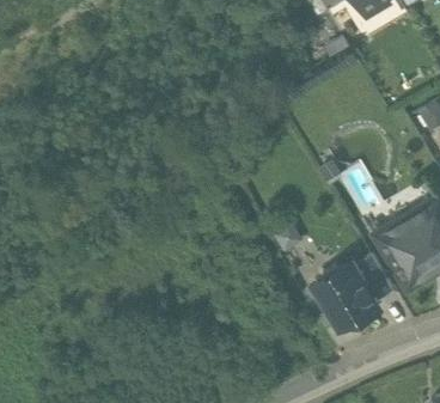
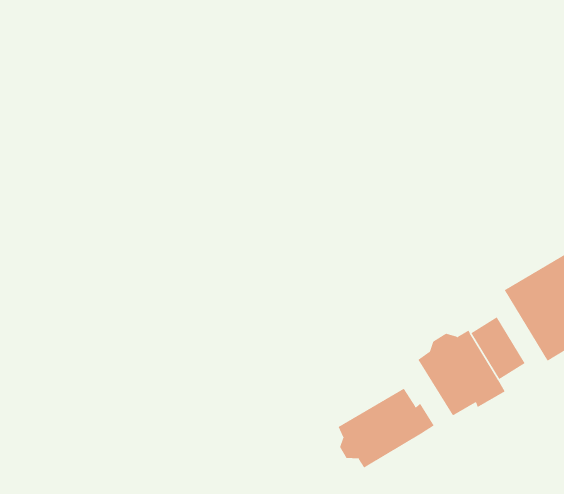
building: none -> [338,388,435,468]

